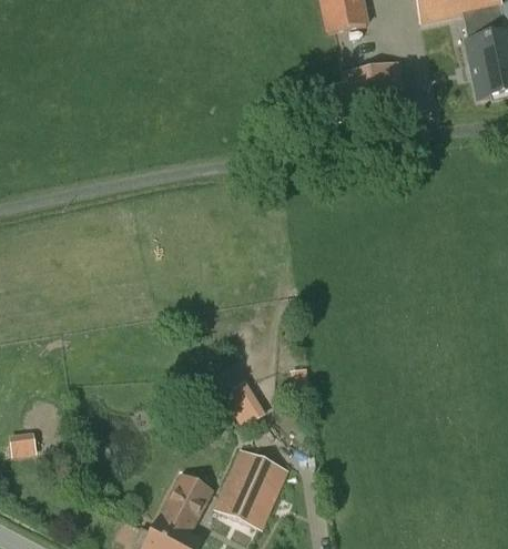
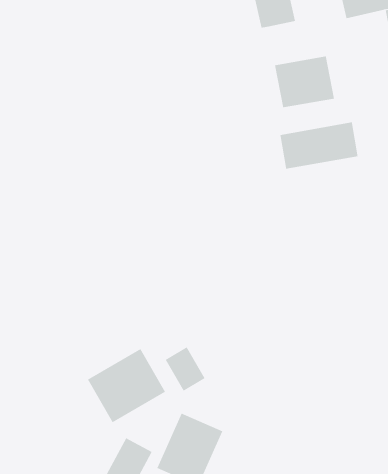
building: none -> [280,122,358,170]
building: none -> [87,348,166,423]

